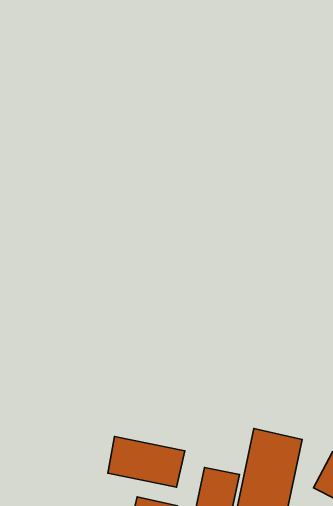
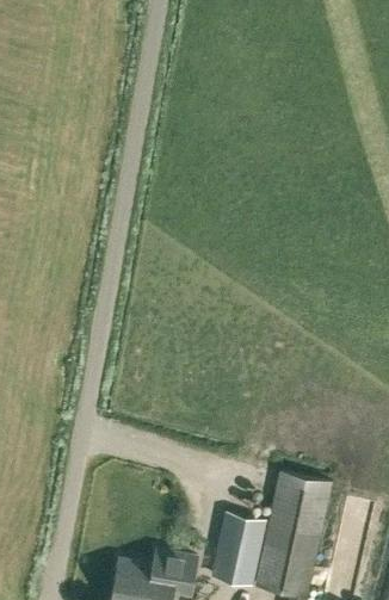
building: [108,436,185,487] -> none

